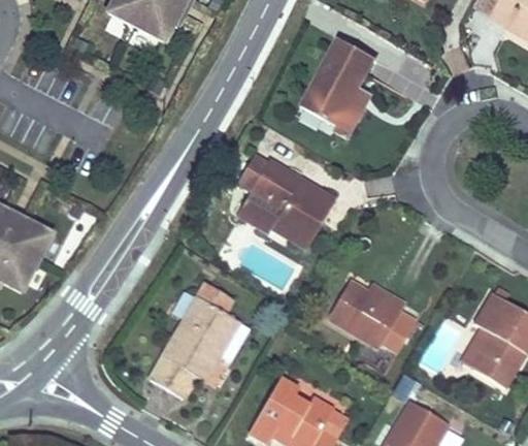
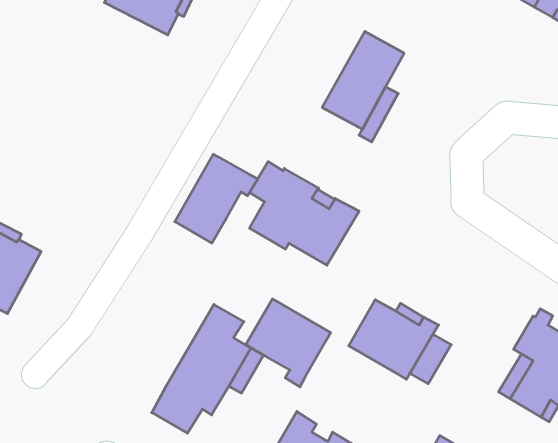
building: none -> [175,154,258,243]
building: none -> [246,299,331,387]

